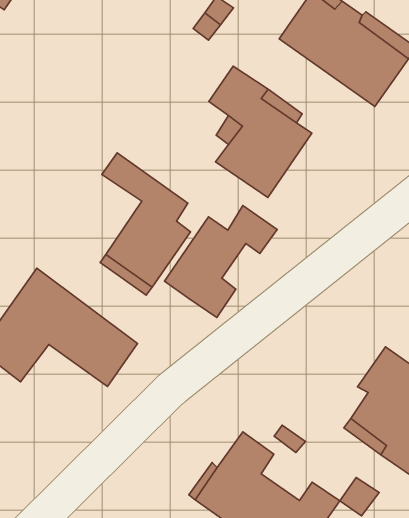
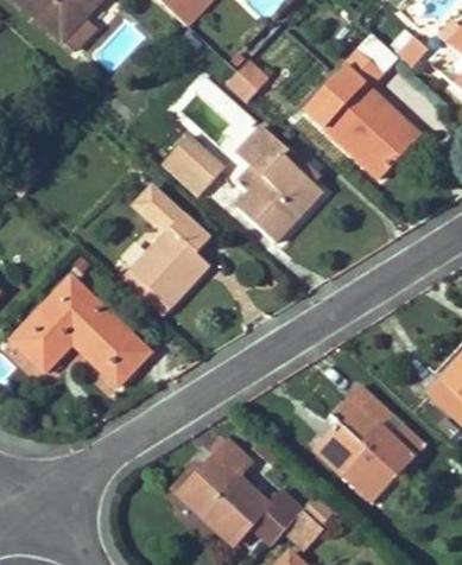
building: none -> [163,137,223,196]
building: [164,205,277,317] -> none

